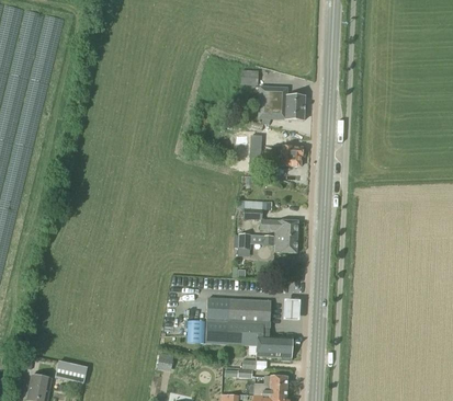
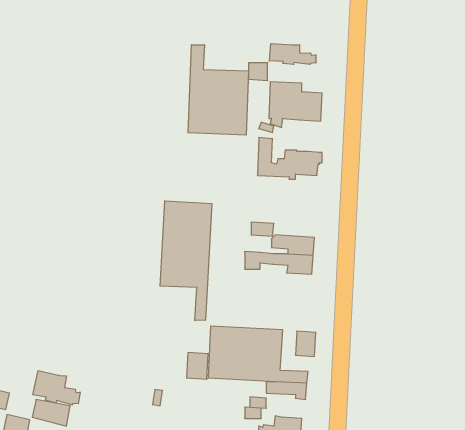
building: none -> [269,44,316,65]
building: none -> [188,45,249,135]
building: none -> [160,201,212,321]
building: none -> [33,371,80,405]

